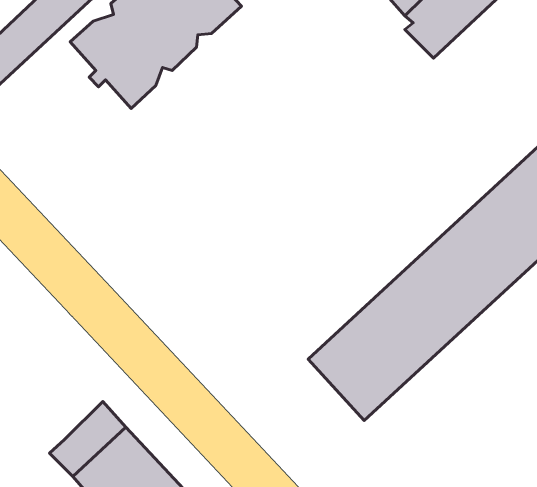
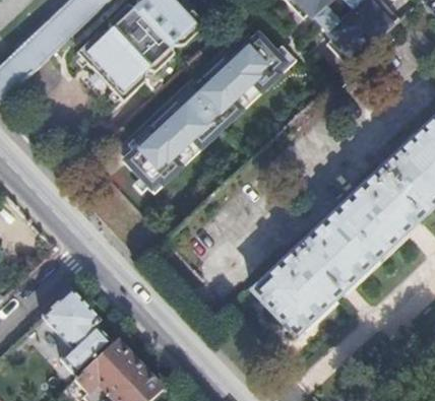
building: none -> [122,31,294,192]
building: none -> [39,285,99,347]

